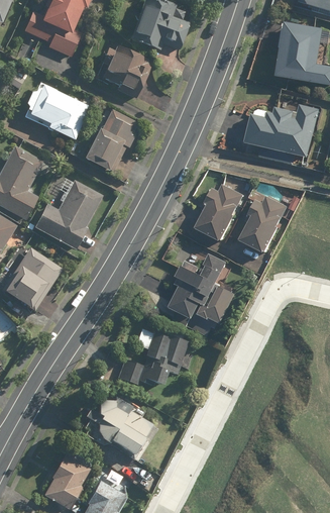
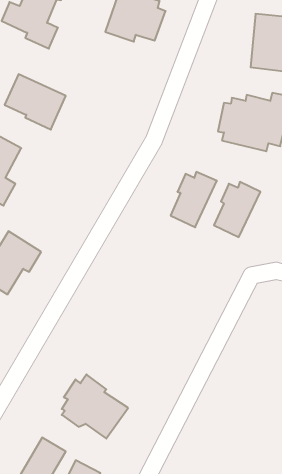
building: [97,43,151,99] -> none
building: [83,107,138,172] -> none
building: [33,181,104,249] -> none
building: [169,251,236,336] -> none
building: [118,327,196,388] -> none

